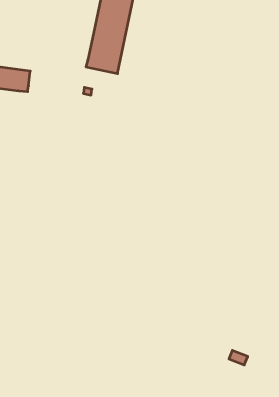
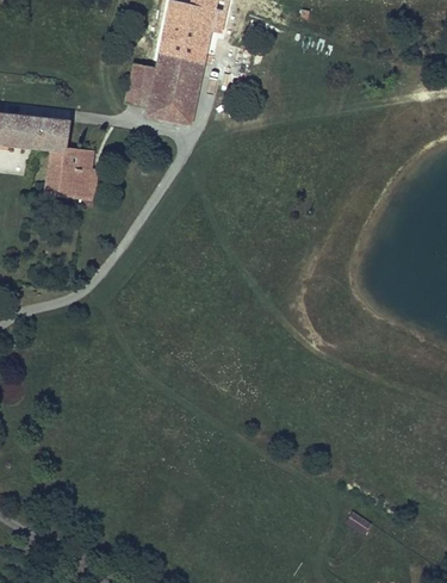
building: none -> [126,64,157,106]
building: none -> [46,148,93,206]

